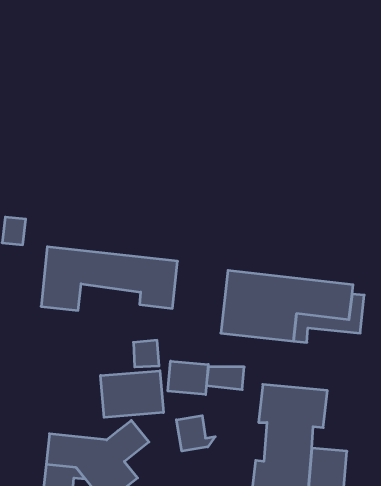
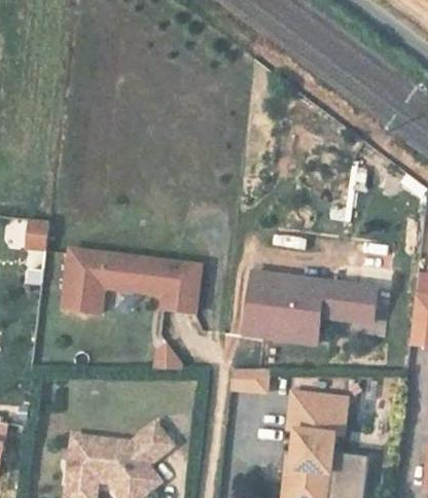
building: [168,361,208,395] -> none
building: [101,371,163,417] -> none
building: [176,416,215,451] -> none

